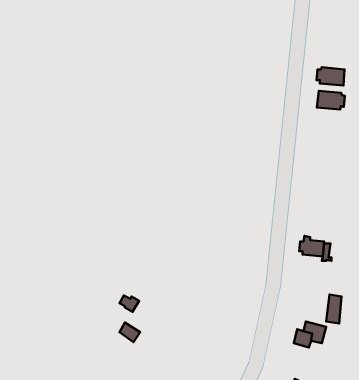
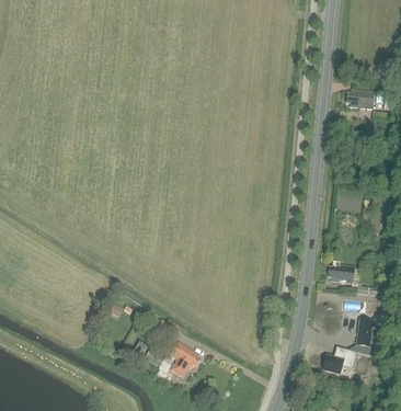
building: [317,91,345,110] -> none
building: none -> [169,343,199,379]

